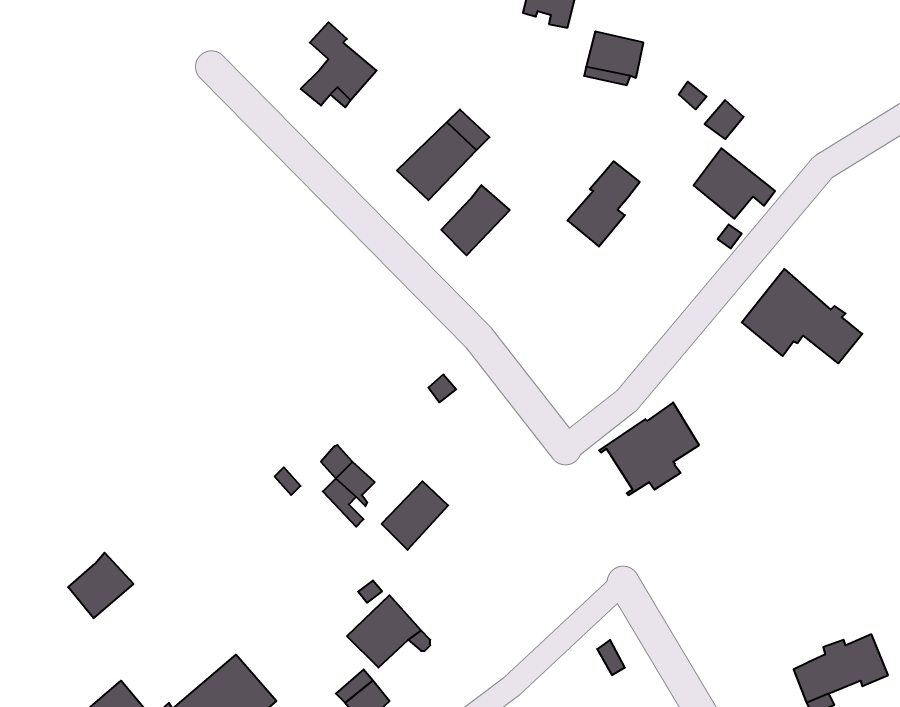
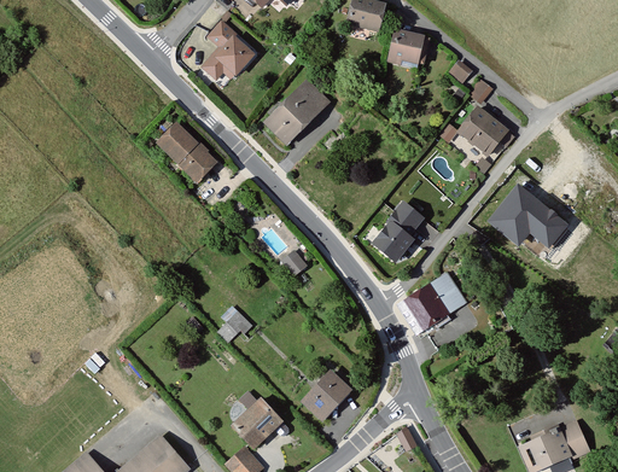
building: [567,161,640,247] -> [372,203,419,258]
building: none -> [161,124,216,179]
building: [441,185,510,255] -> none
building: [382,481,448,550] -> [305,373,349,418]
building: [68,553,133,618] -> none

